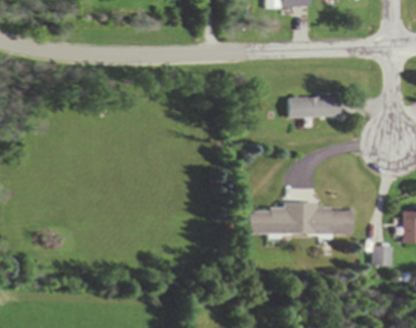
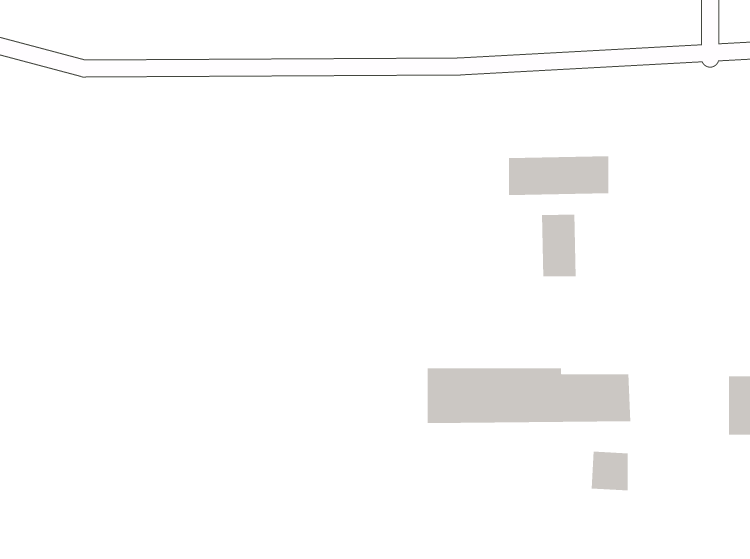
building: none -> [541,214,576,277]
building: [374,245,393,265] -> [591,451,629,491]

